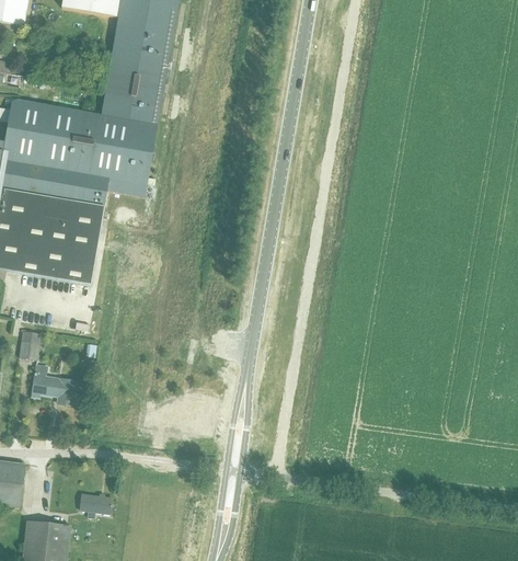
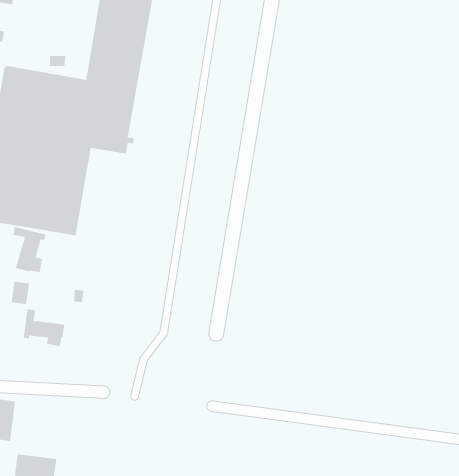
building: none -> [13,226,46,273]
building: [79,493,112,517] -> none

